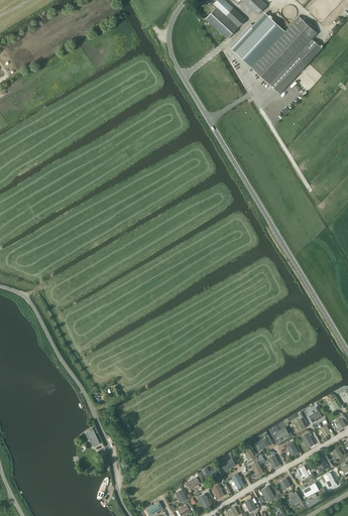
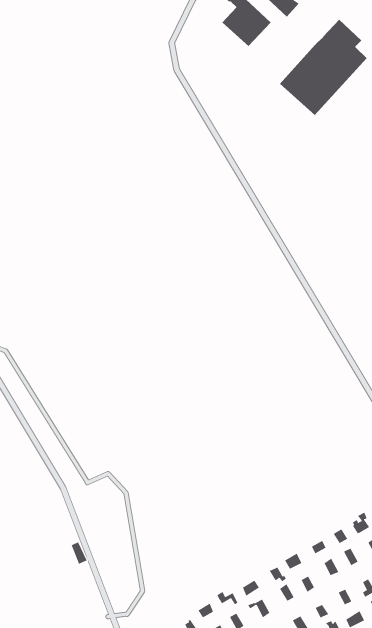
building: [229,15,284,68] -> none

